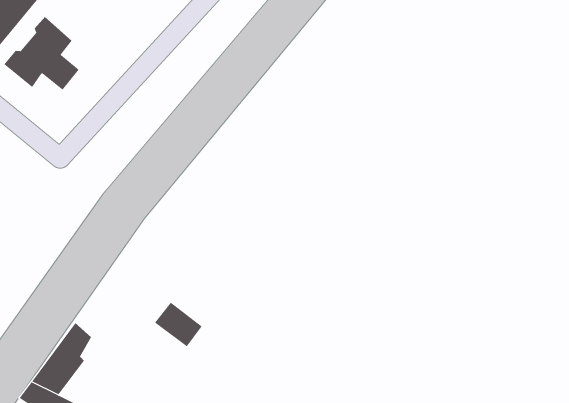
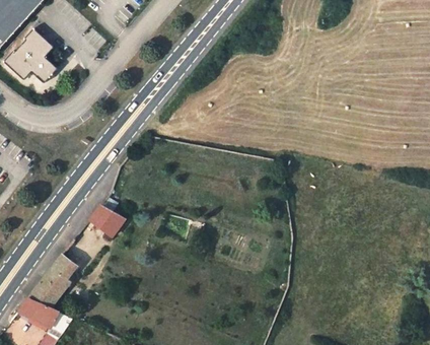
building: [154,302,202,347] -> [83,202,119,235]

